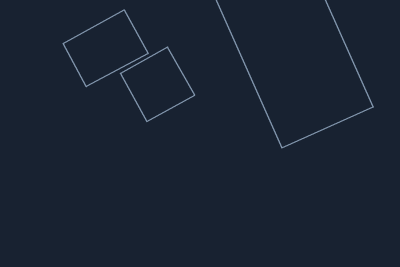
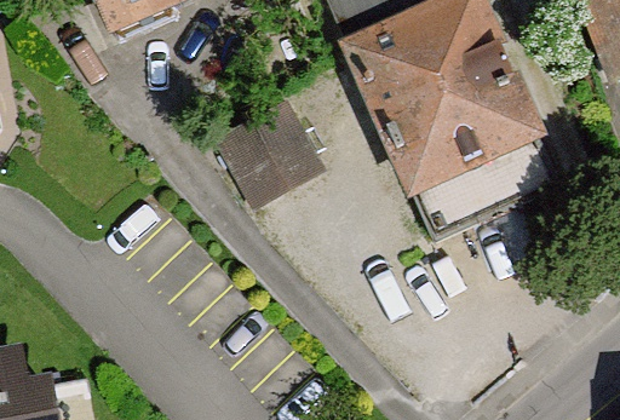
building: [63,10,148,87] -> none

